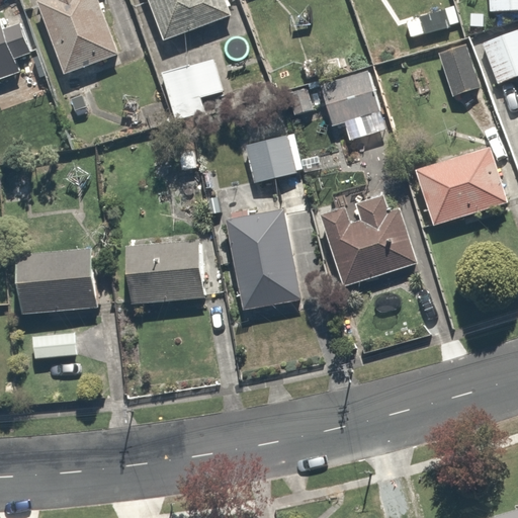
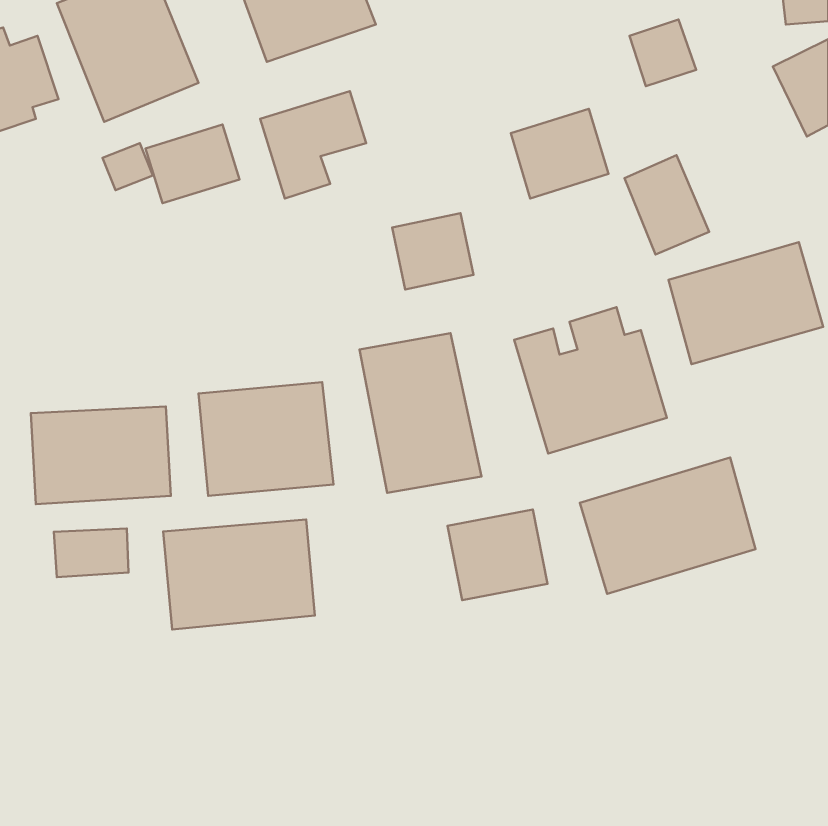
building: [435,35,488,97] -> [625,155,709,255]
building: none -> [146,124,239,203]
building: none -> [580,457,755,594]
building: none -> [448,509,548,600]
building: none -> [163,519,315,629]

